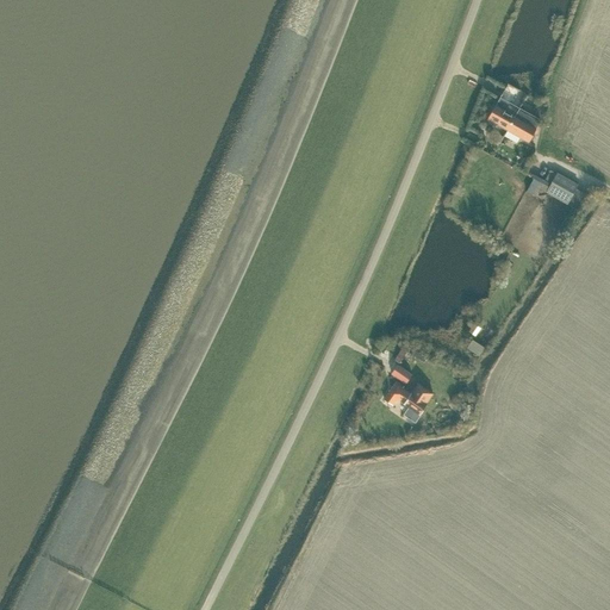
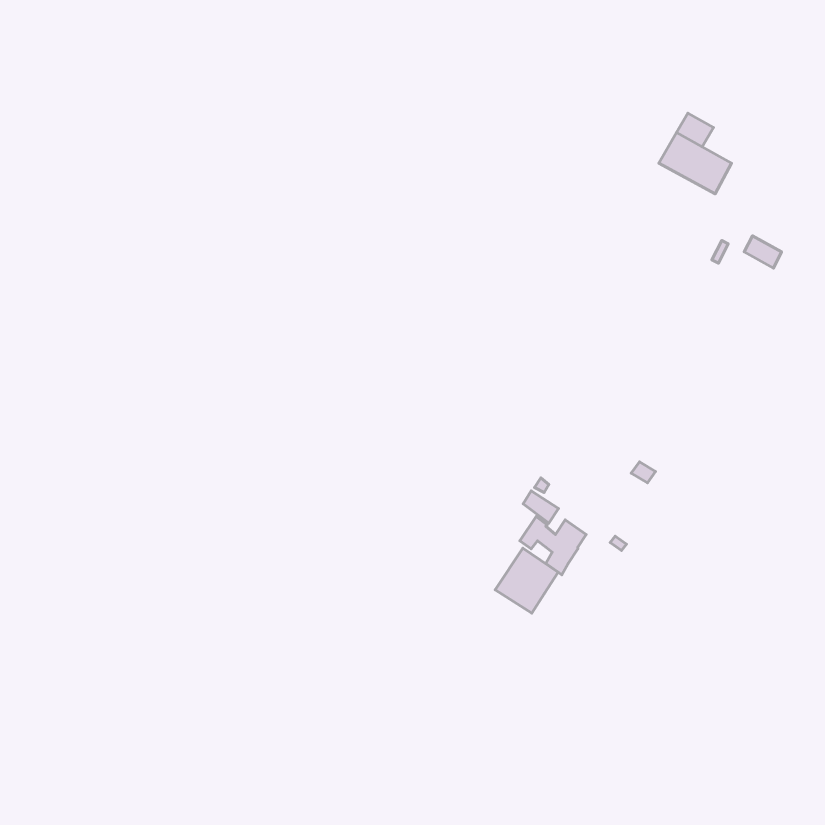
building: none -> [495,548,558,613]

